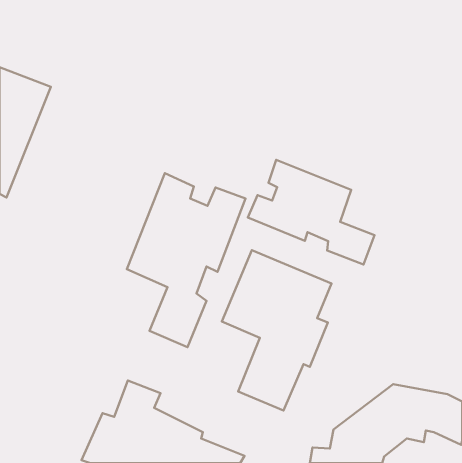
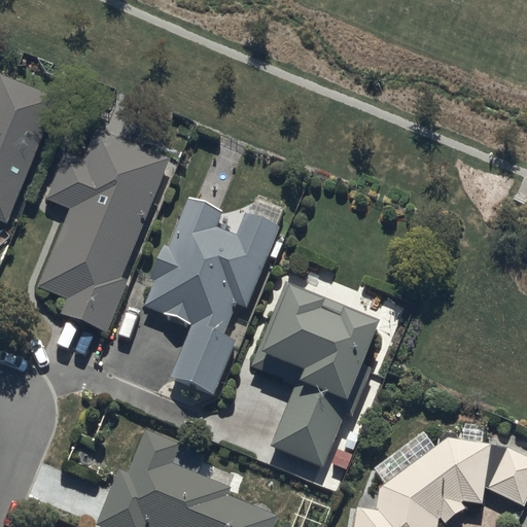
building: none -> [36,130,169,332]
building: [248,160,375,265] -> none

